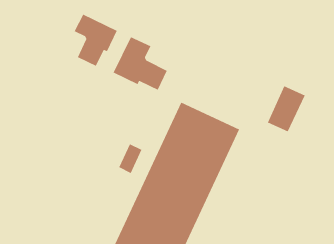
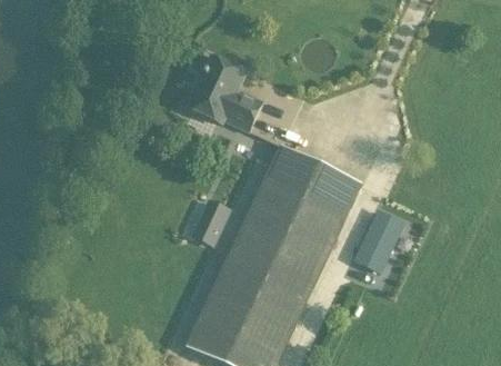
building: [74,13,118,67] -> none
building: [267,85,306,133] -> [354,207,408,271]

